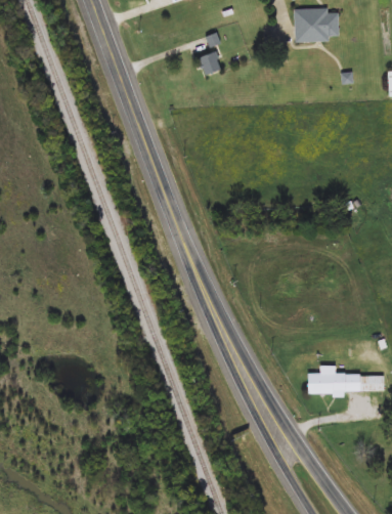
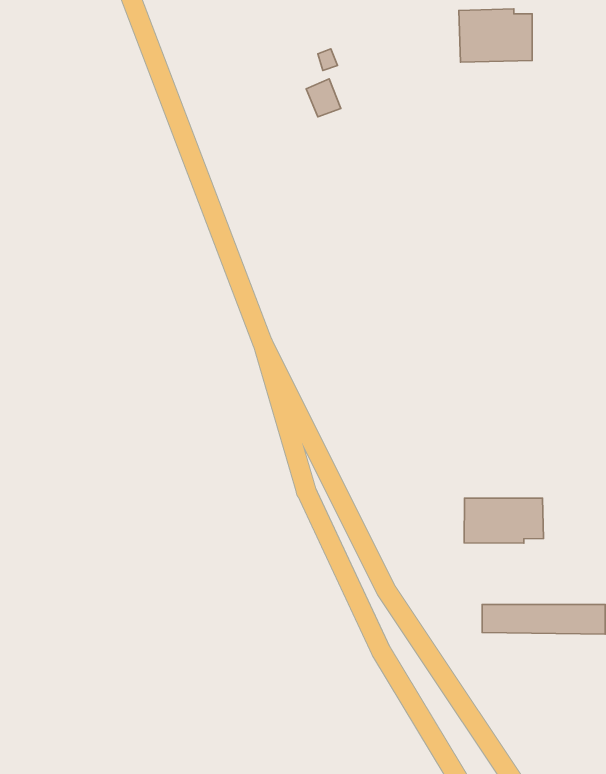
building: none -> [464,498,544,543]

